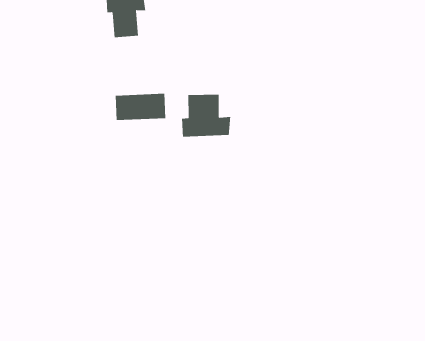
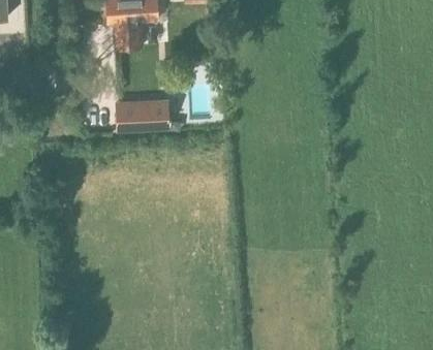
building: [182,94,231,137] -> none

